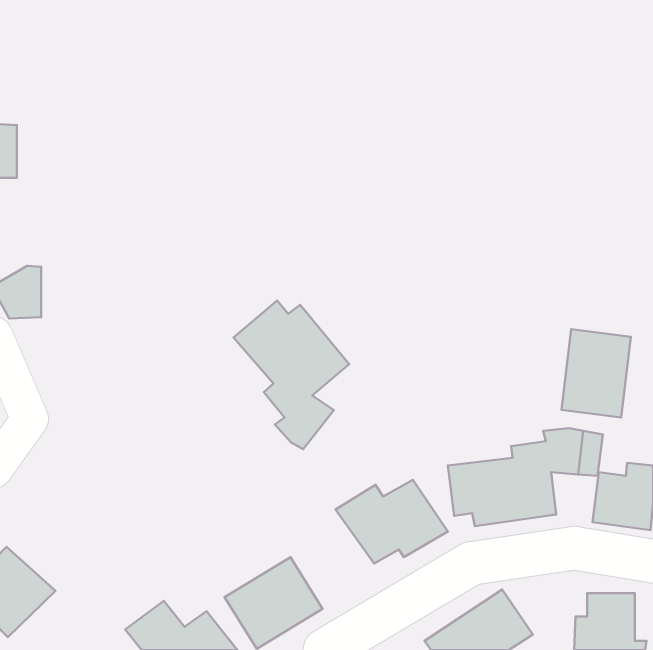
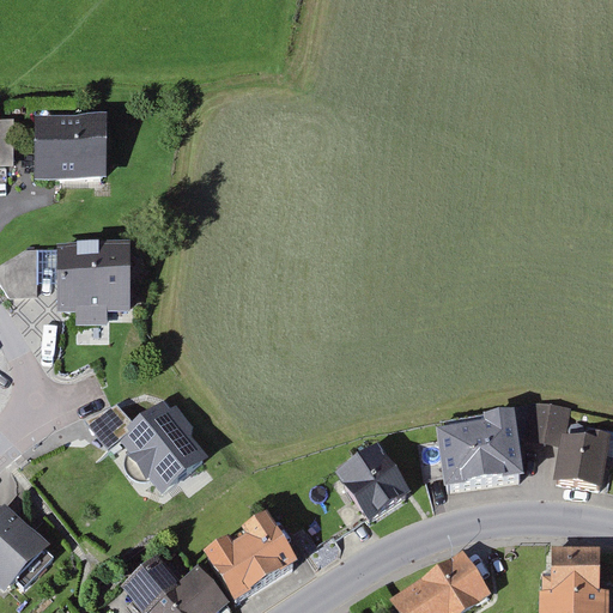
building: none -> [36,115,110,176]
building: none -> [60,247,133,322]
building: [234,301,349,449] -> none
building: [562,329,631,418] -> none
building: none -> [80,399,201,493]

